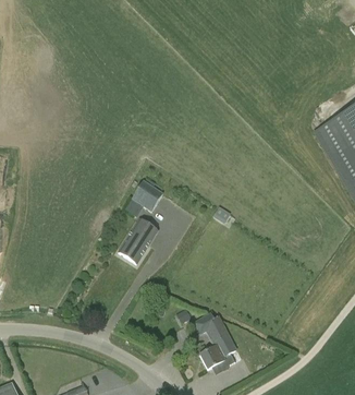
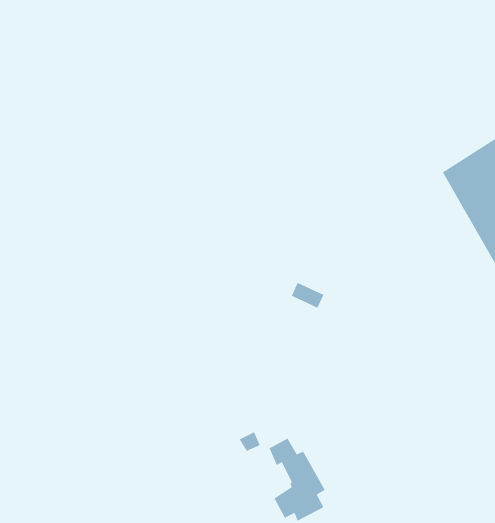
building: [131,179,163,211] -> none
building: [118,218,157,262] -> none

